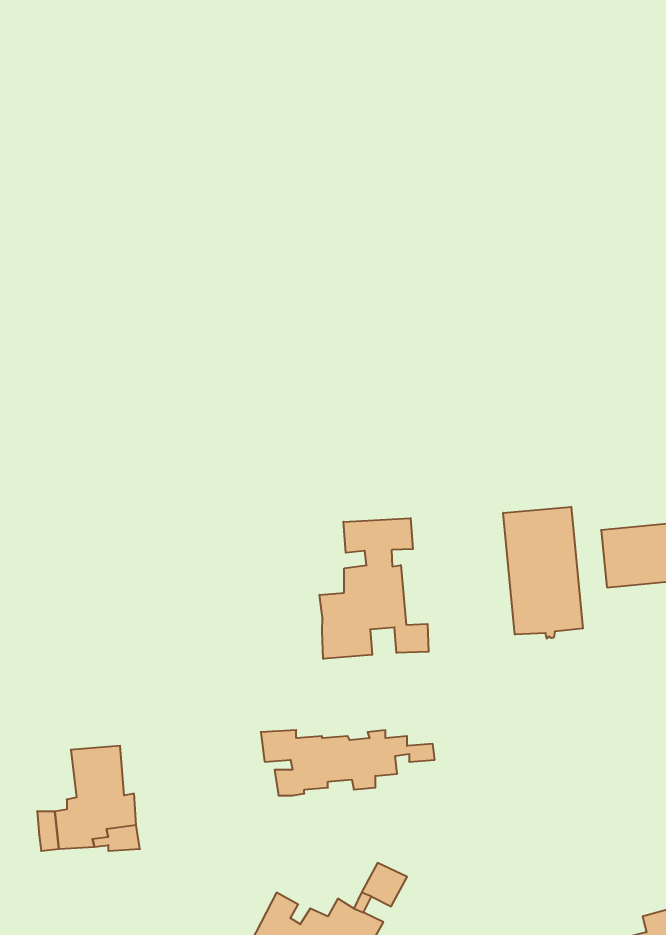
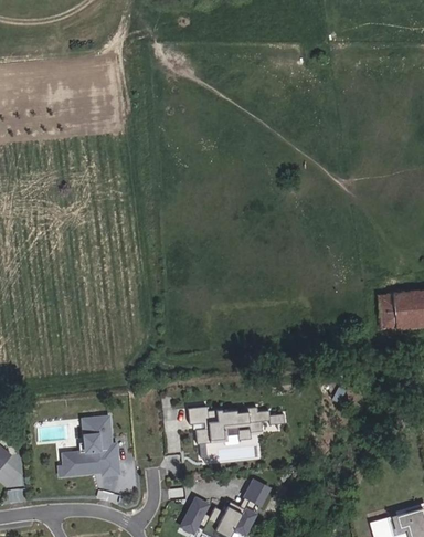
building: [503,507,583,639] -> none
building: [320,518,429,659] -> none

